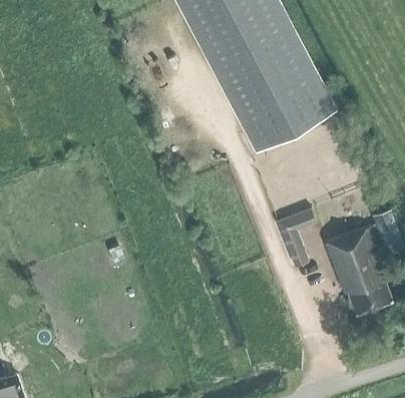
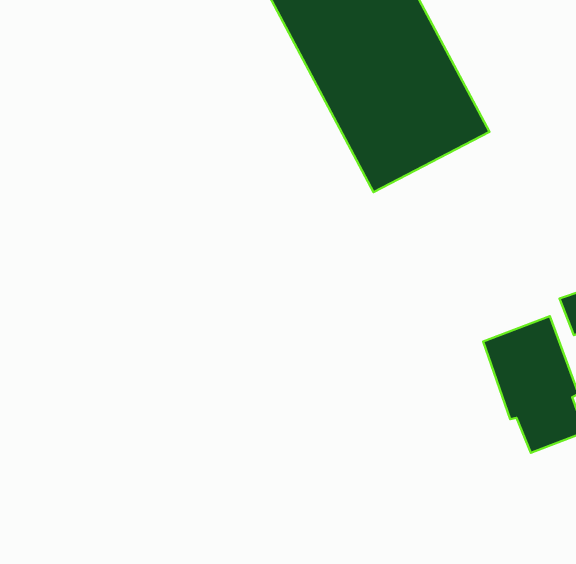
building: [277,210,317,269] -> none

